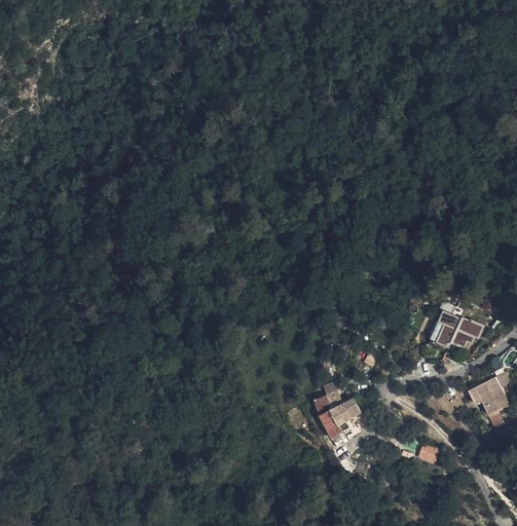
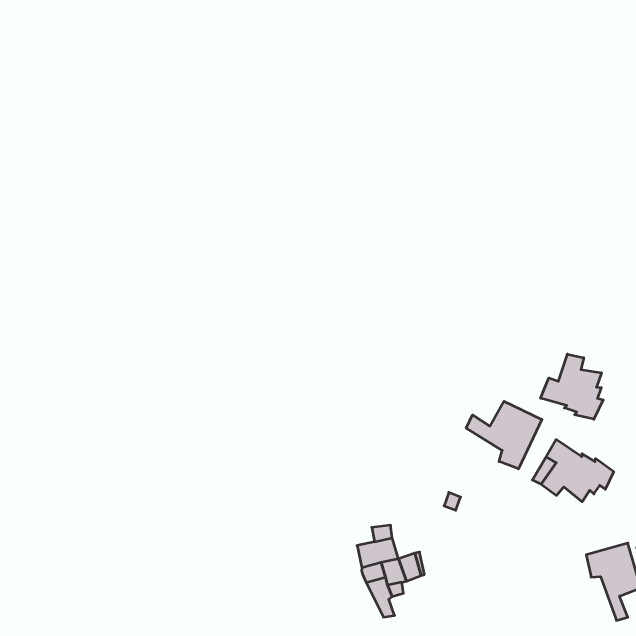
building: none -> [541,354,603,419]
building: none -> [466,401,542,469]

